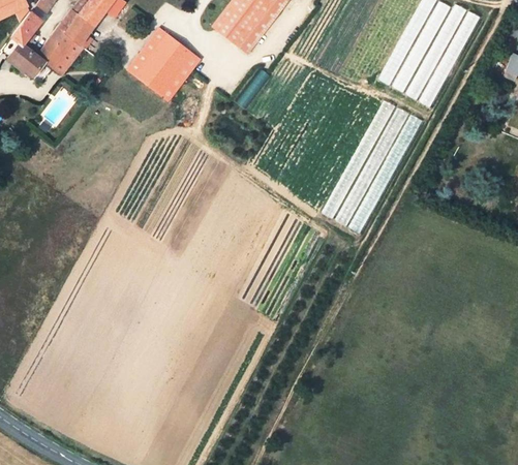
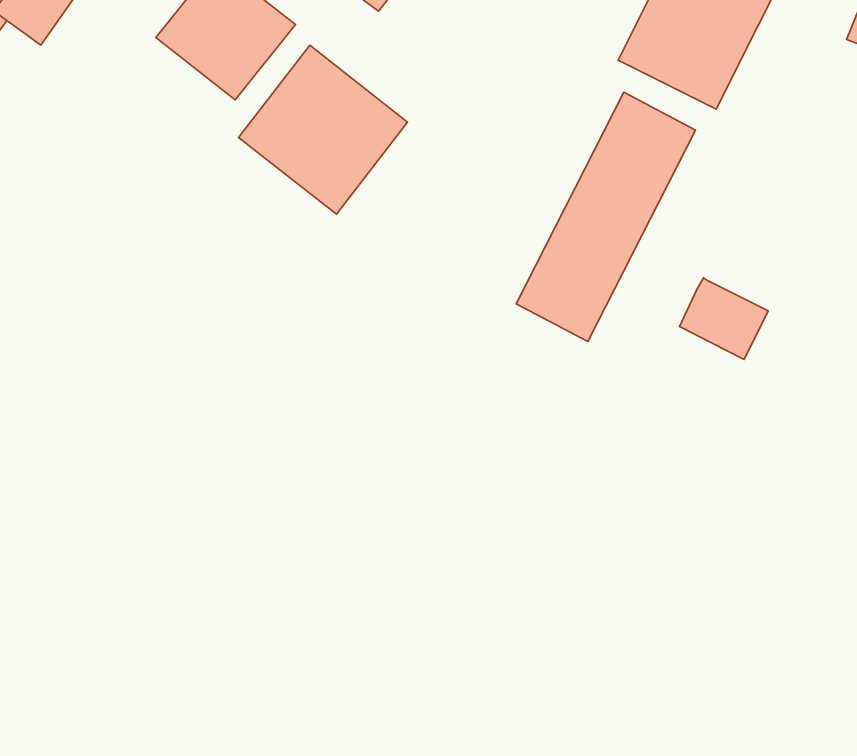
building: none -> [239,45,408,214]
building: none -> [679,278,768,359]

